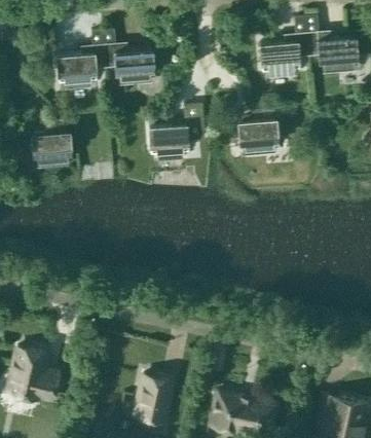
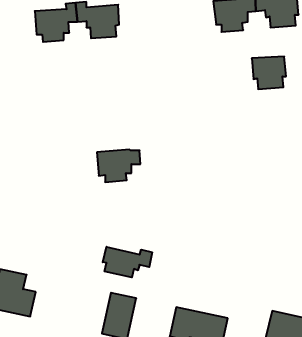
building: [237,117,276,154] -> [252,57,286,89]
building: [148,122,197,159] -> [97,150,140,182]
building: [32,130,70,167] -> none
building: none -> [103,247,152,277]

